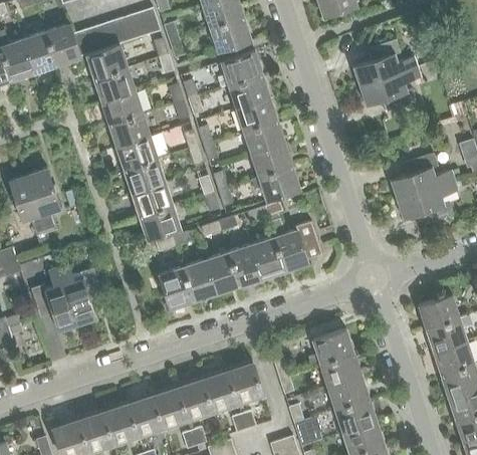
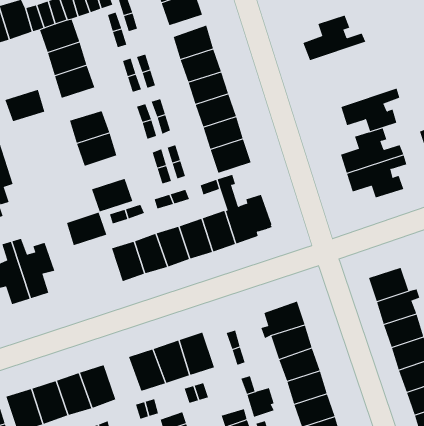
building: [359,67,419,111] -> [340,88,400,132]
building: [108,113,150,147] -> [4,89,45,122]
building: [132,182,173,216] -> [66,212,107,246]
building: [152,385,189,428] -> none

